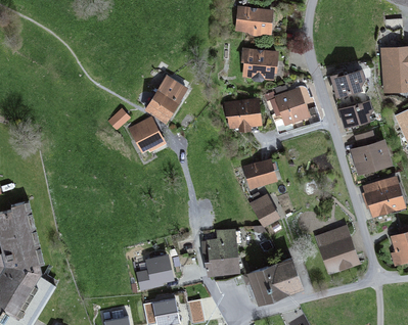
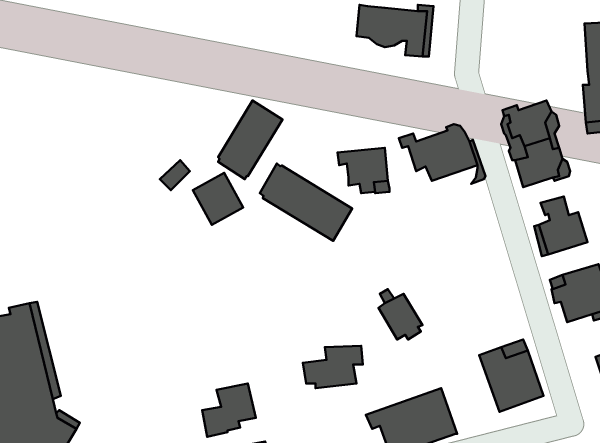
building: [241,50,276,81] -> none
building: none -> [260,164,352,241]
building: [245,159,279,185] -> none
building: [205,254,238,274] -> none

